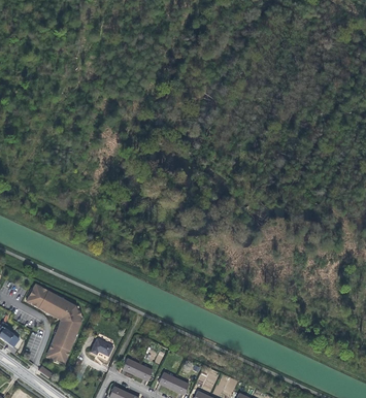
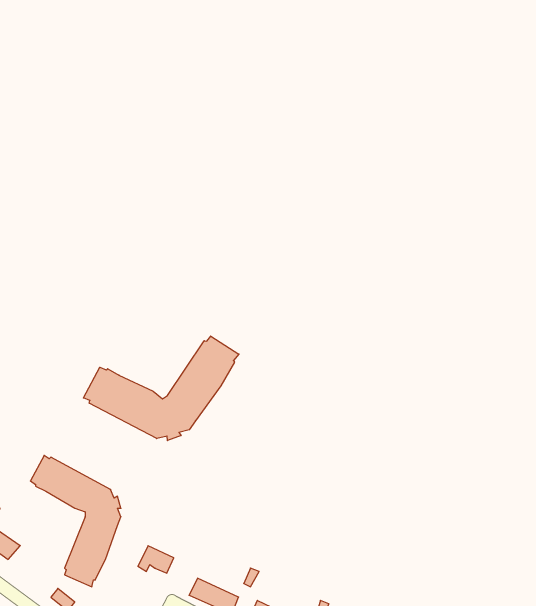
building: none -> [83,336,239,441]

